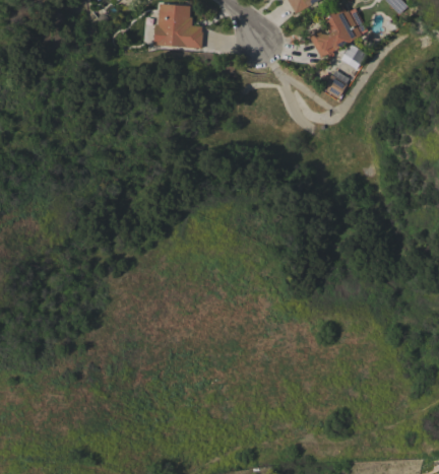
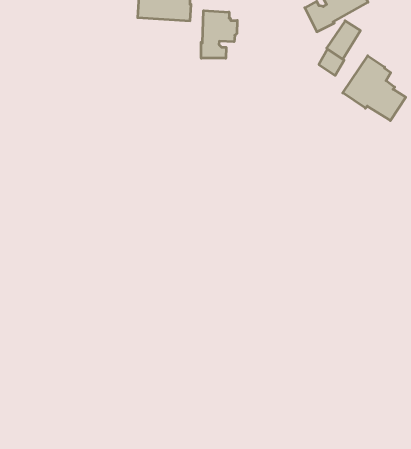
building: none -> [201,11,237,58]
building: none -> [343,56,406,121]

